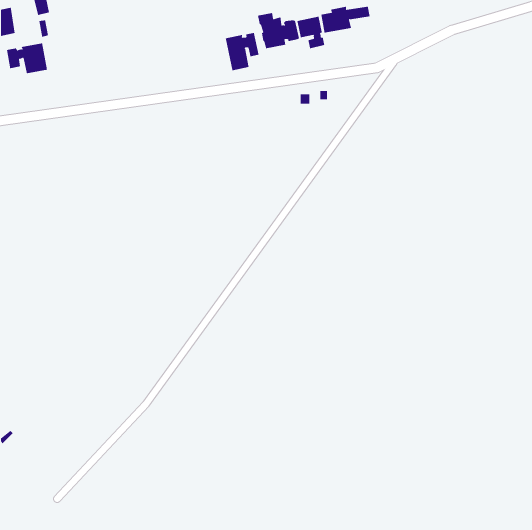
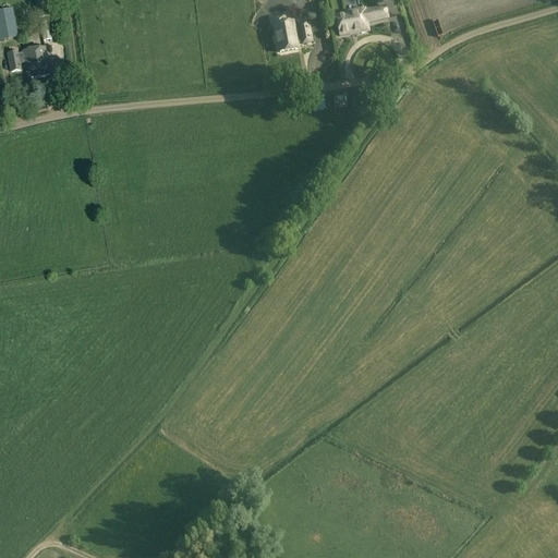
building: [297,16,325,49] -> none
building: [225,32,259,71] -> none

